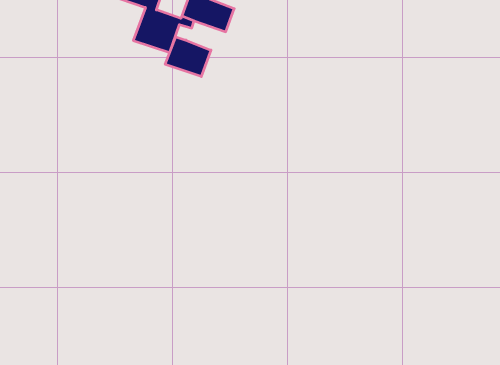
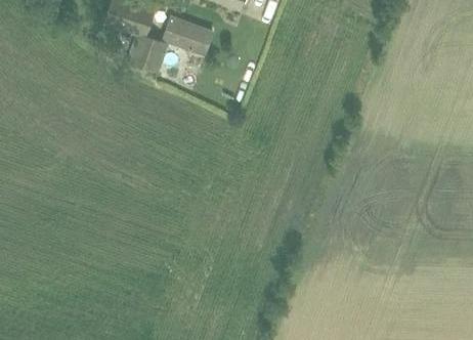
building: [165,37,211,77] -> none

